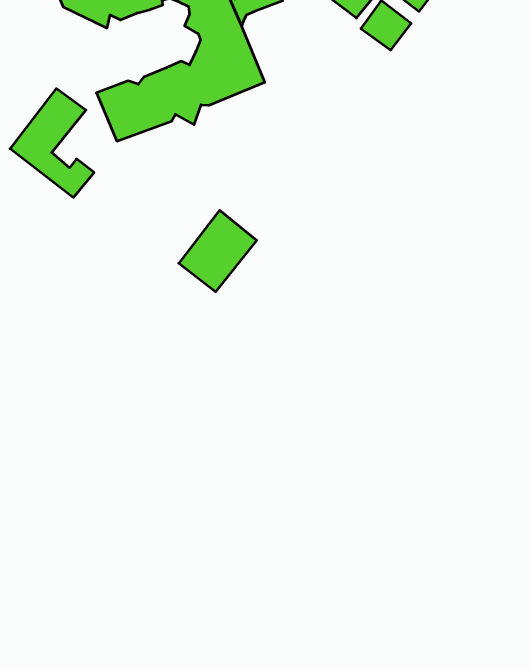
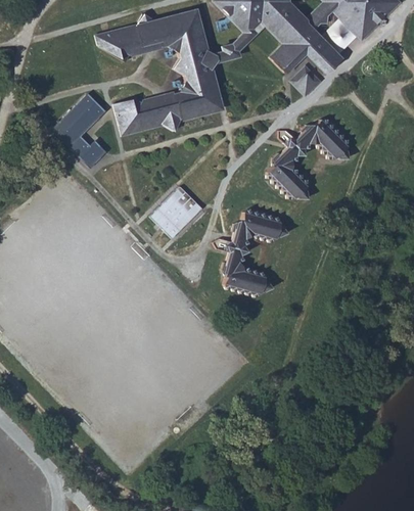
building: none -> [270,121,350,199]
building: none -> [214,210,286,296]

